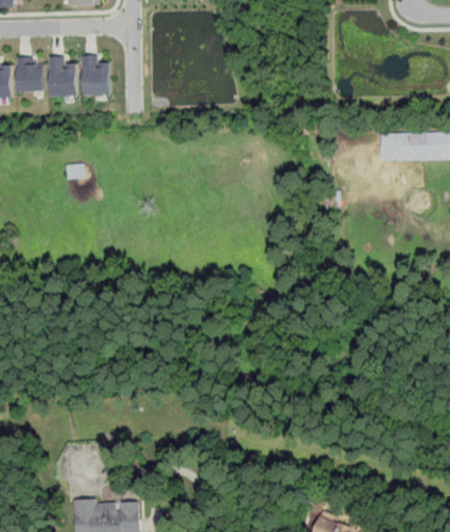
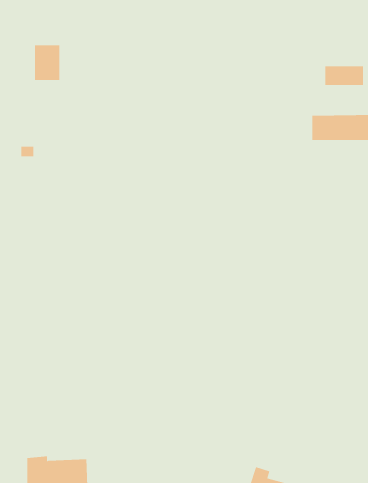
building: [49,57,76,96] -> none
building: none -> [325,66,364,86]

